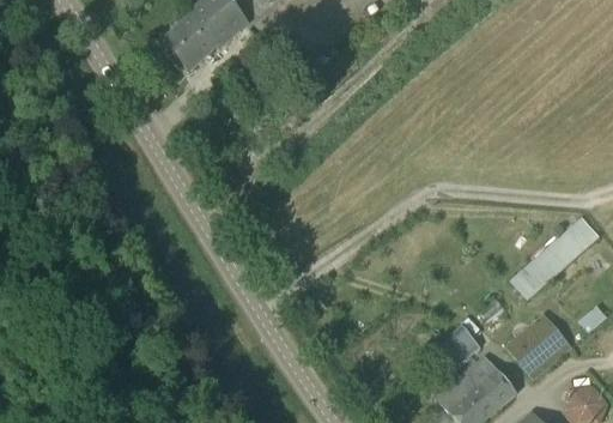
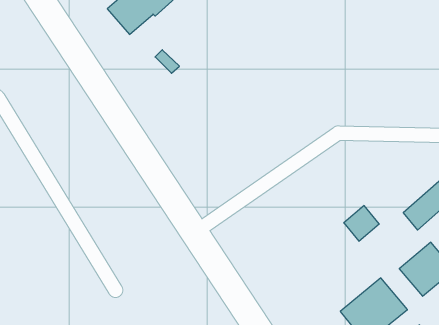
building: [438,325,480,367] -> [344,206,379,241]

